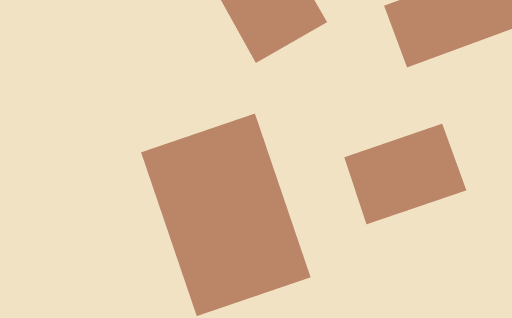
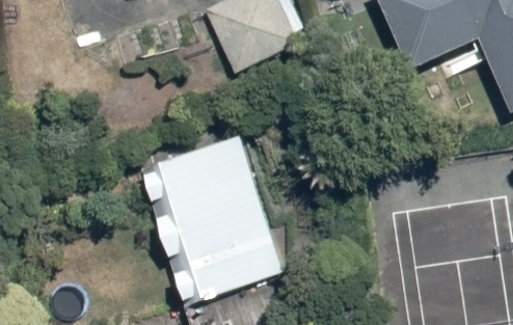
building: [344,123,467,225] -> none

